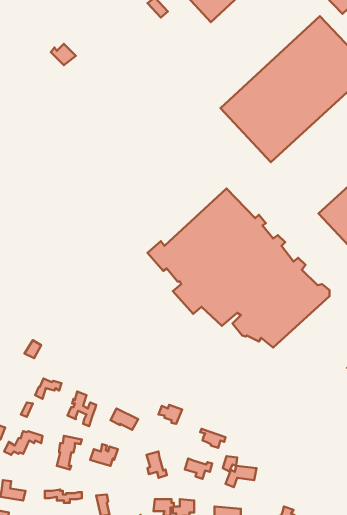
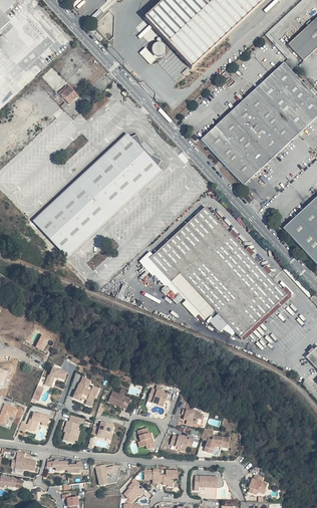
building: none -> [33,132,163,257]

